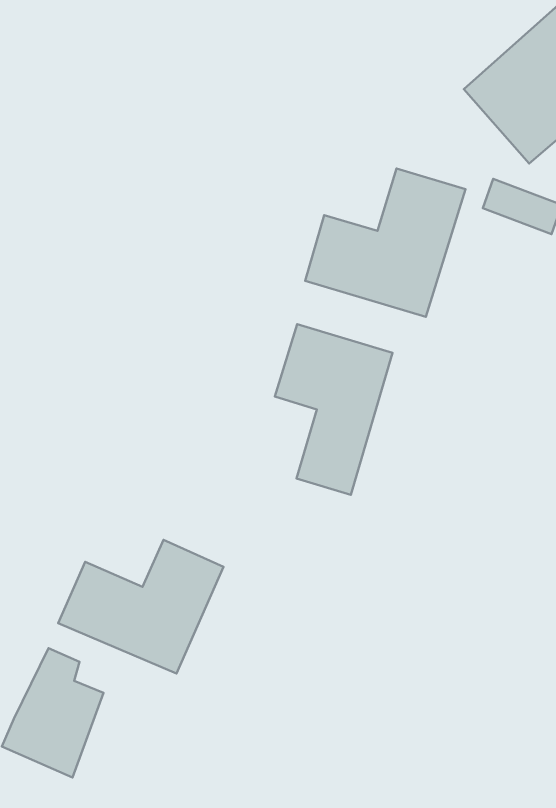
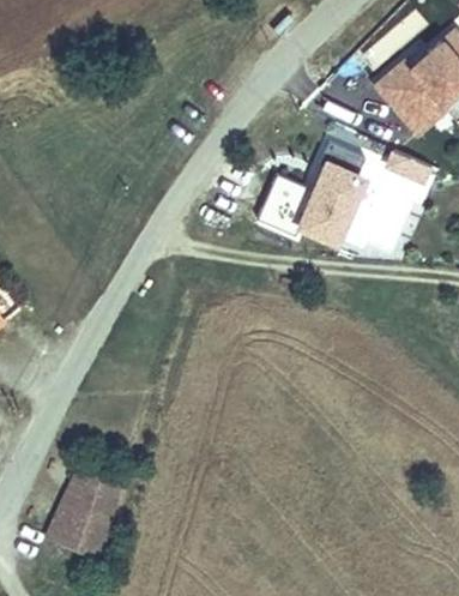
building: [275,324,392,495] -> none
building: [58,540,223,674] -> none

